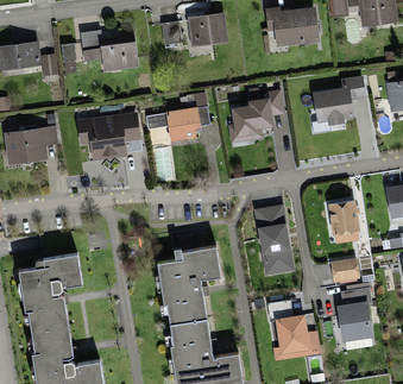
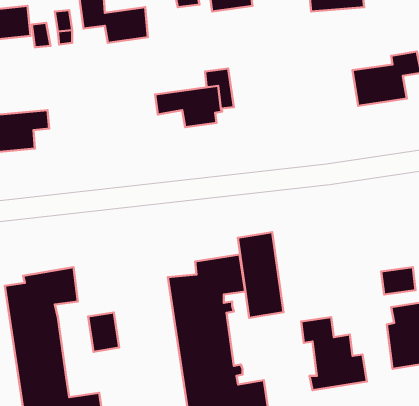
building: [228,89,282,146] -> none
building: [77,113,140,156] -> none
building: [326,200,359,238] -> none
building: [256,203,294,275] -> [238,232,284,318]
building: none -> [88,312,119,352]

